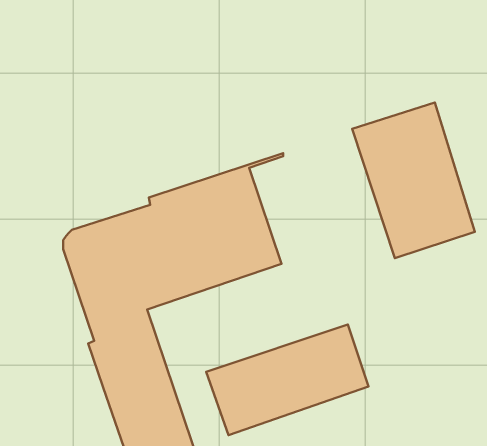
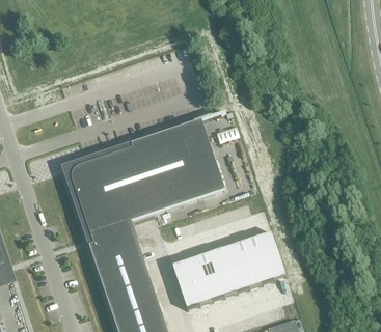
building: [352,102,475,258] -> none

